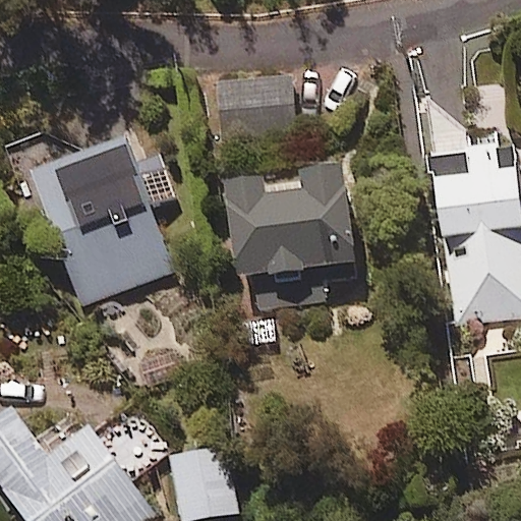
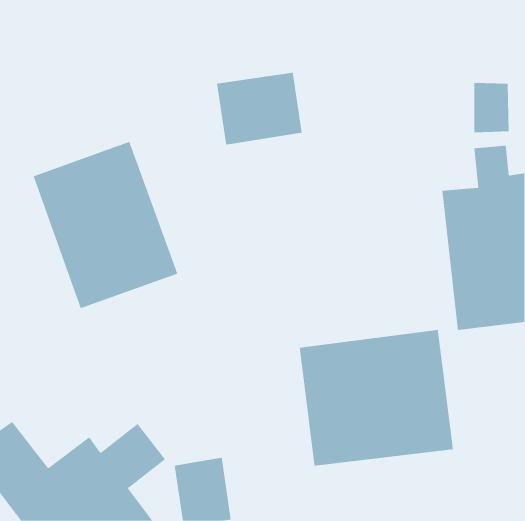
building: [223,165,356,283] -> none
building: none -> [299,329,454,467]

